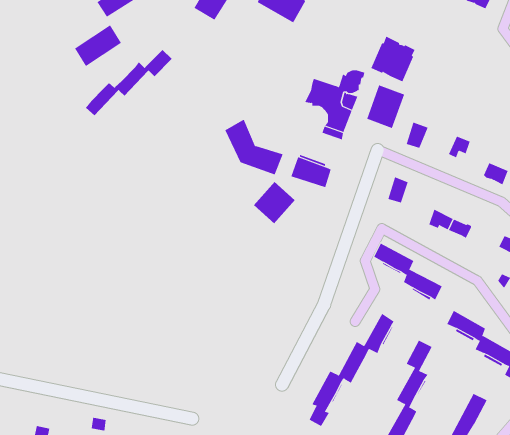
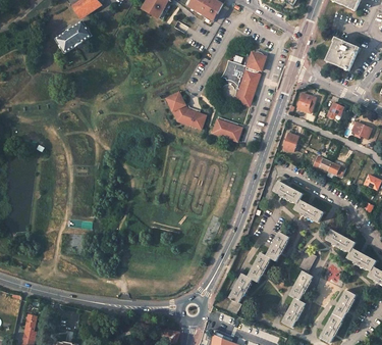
building: [370,36,415,82] -> [324,37,357,70]
building: [85,49,173,116] -> none
building: [367,85,405,129] -> none
building: [253,181,295,224] -> none

